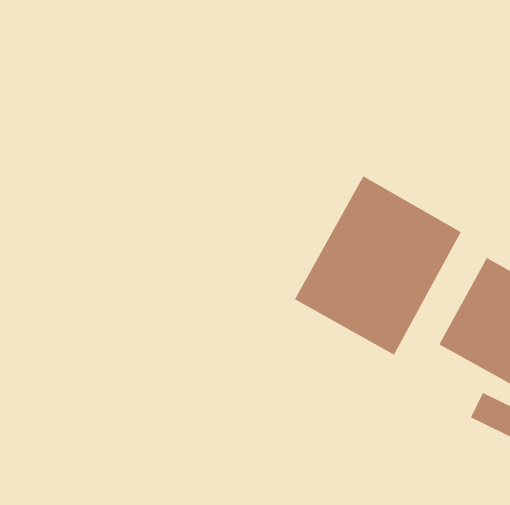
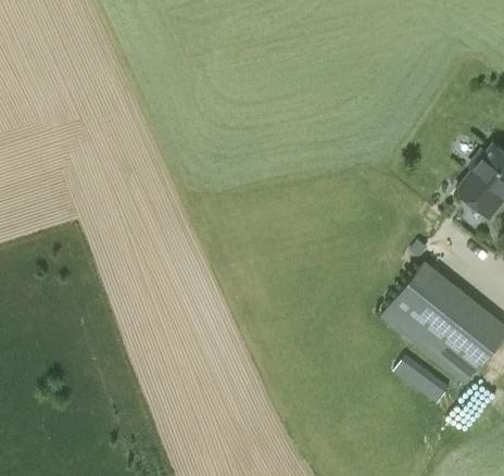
building: [294,175,462,356] -> none

